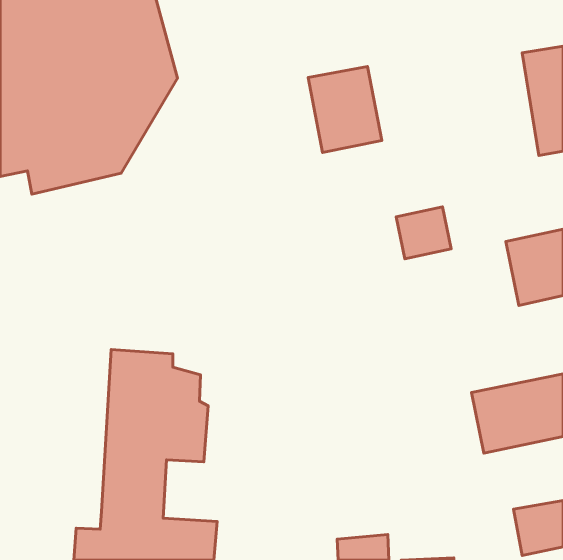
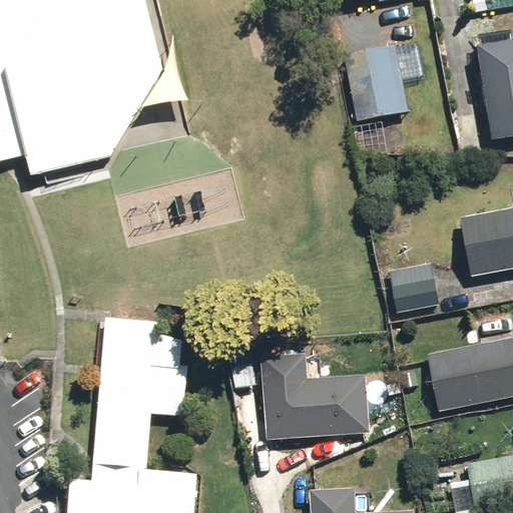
building: [308,67,382,153] -> [340,44,407,122]
building: [396,207,451,259] -> [389,265,439,312]
building: none -> [260,353,371,441]

